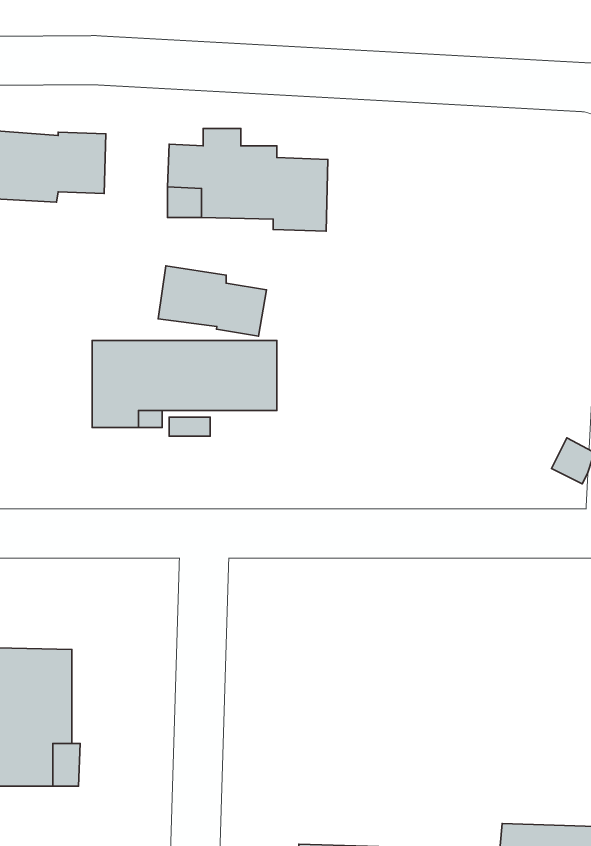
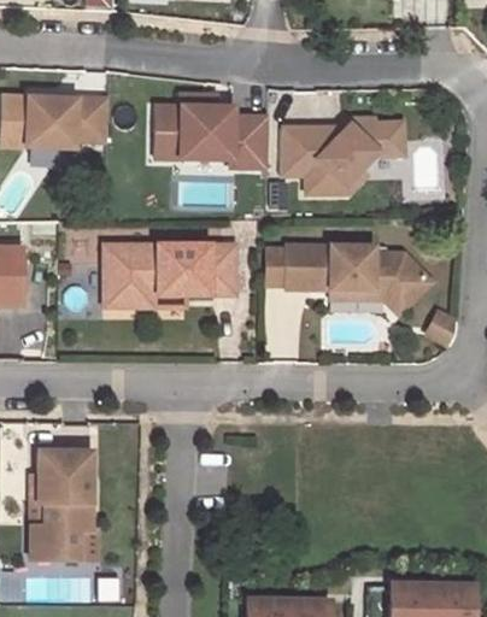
building: none -> [278,118,403,193]
building: [158,266,267,336] -> none
building: none -> [284,246,432,313]

